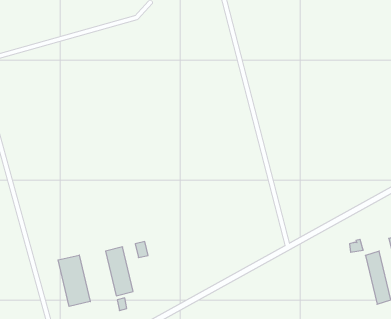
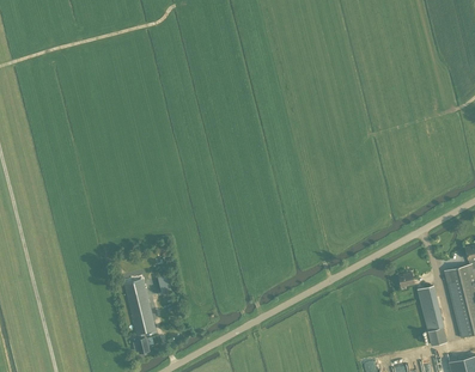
building: [58,255,90,306] -> none

